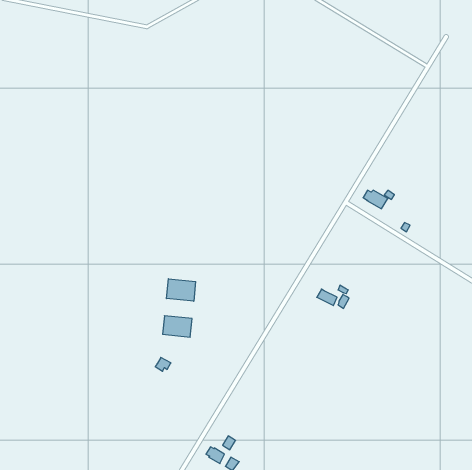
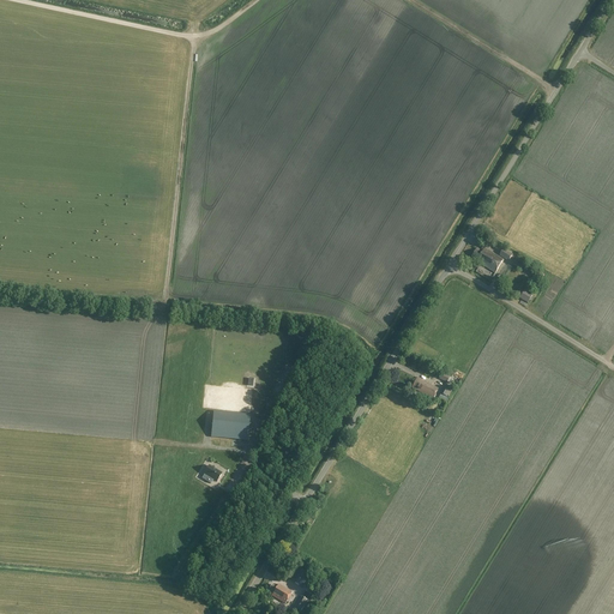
building: [166,279,196,301] -> none

